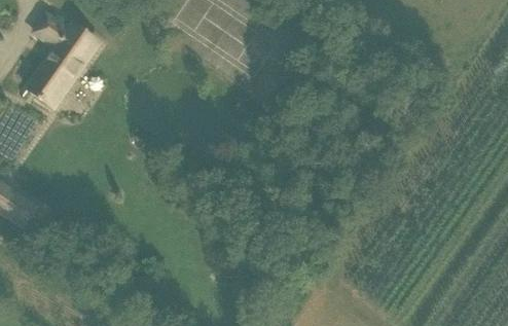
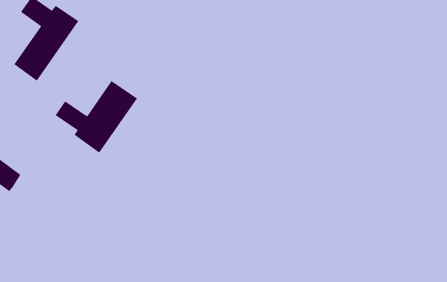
building: none -> [55,80,138,153]

